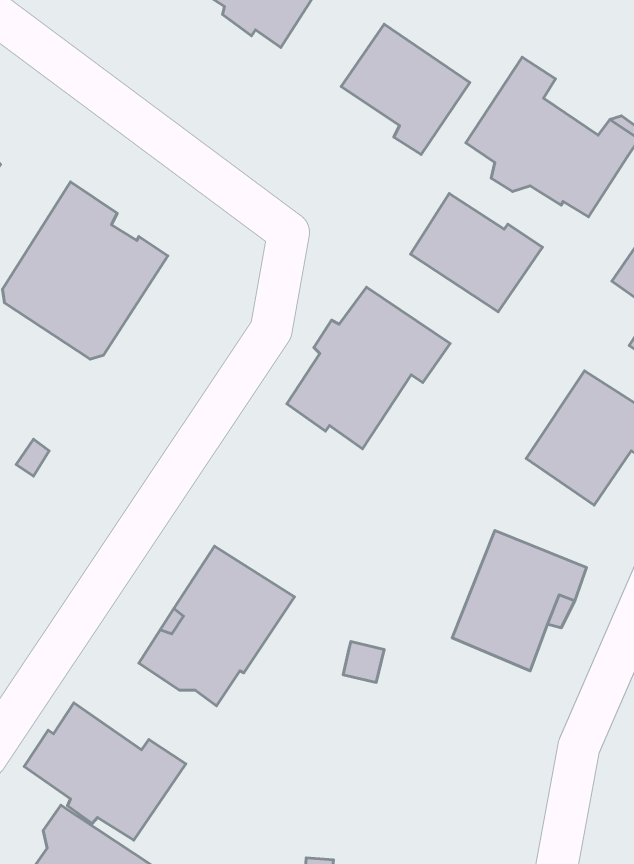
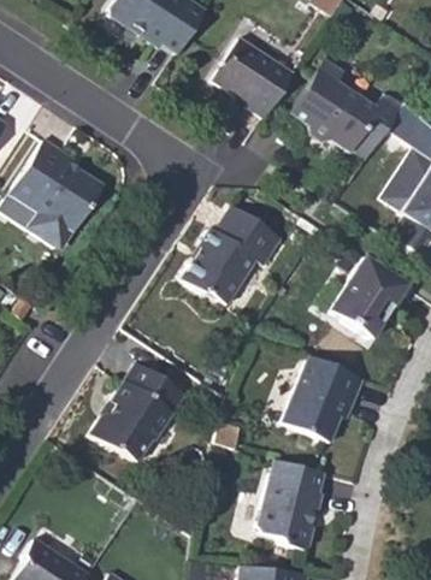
building: [411,194,543,312] -> none
building: none -> [258,456,326,546]
building: [24,703,186,840] -> none

